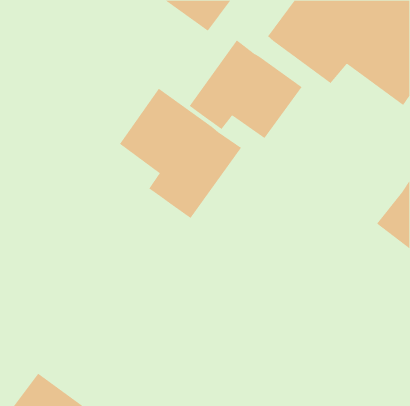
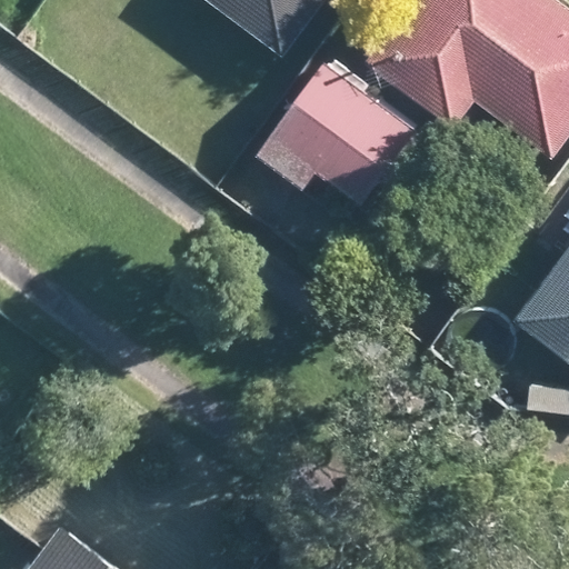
building: [119,88,242,219] -> none

